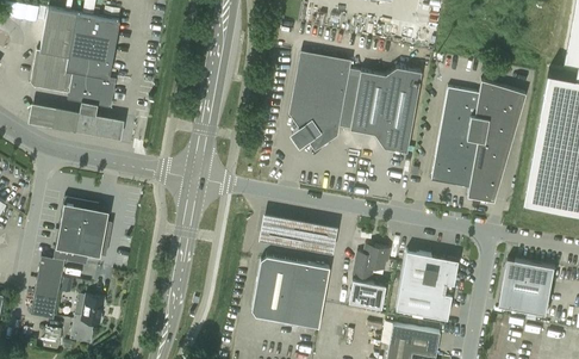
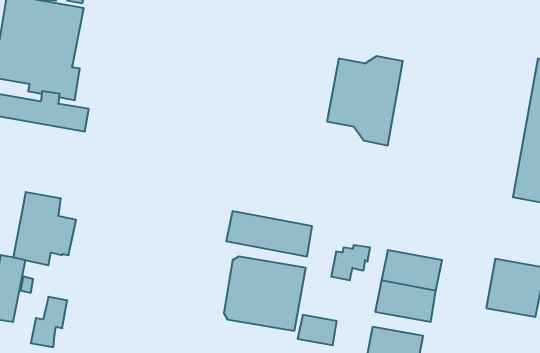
building: [290,54,360,149] -> none
building: [430,81,524,203] -> none
building: [348,279,385,308] -> [298,315,337,345]

